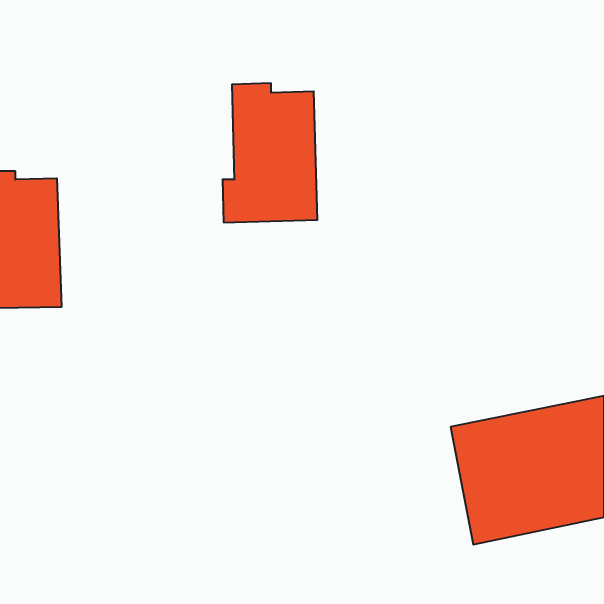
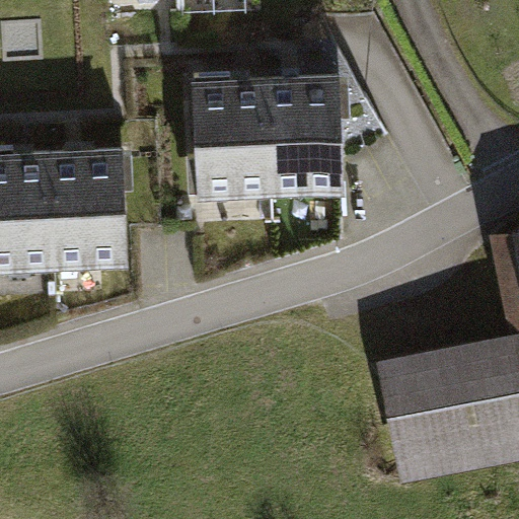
building: none -> [268,78,352,191]
building: none -> [50,152,133,265]

